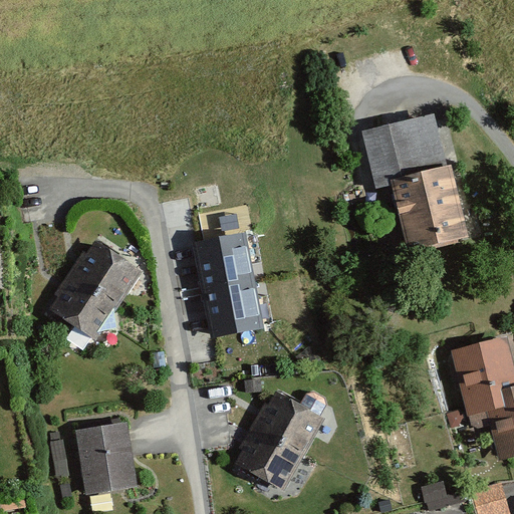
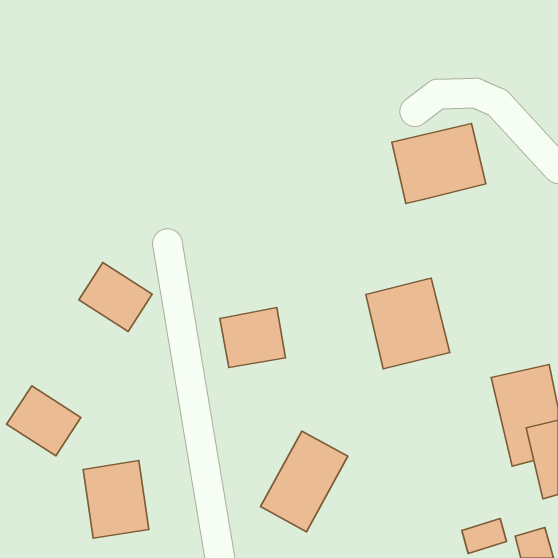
building: [390,168,467,251] -> [366,278,450,369]
building: [193,233,254,292] -> none
building: [49,275,117,339] -> [7,386,81,456]

